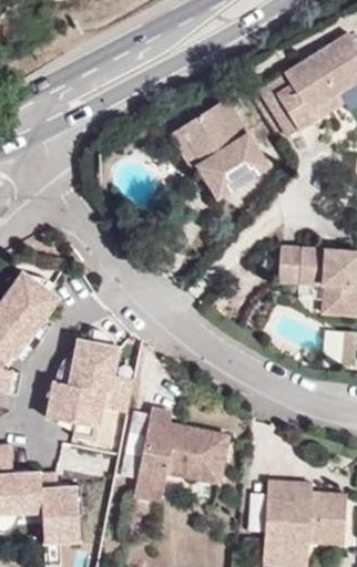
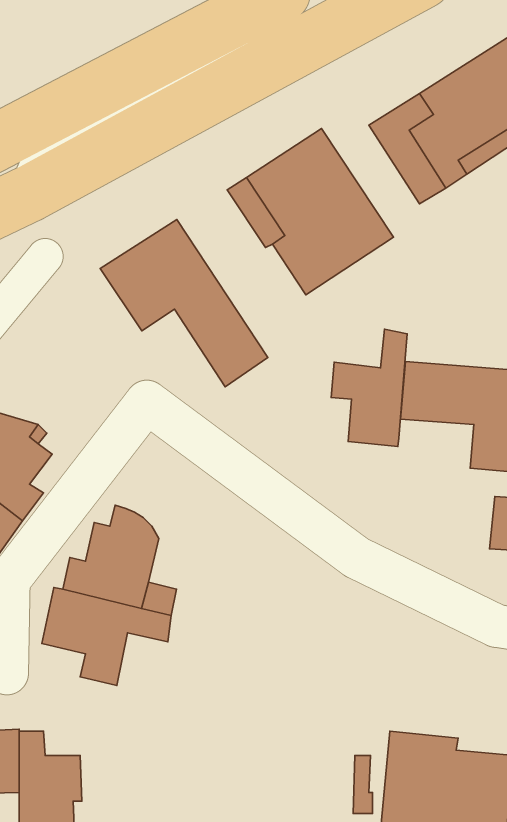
building: none -> [100,219,268,387]
building: none -> [331,329,407,447]
building: [133,405,231,501] -> none

